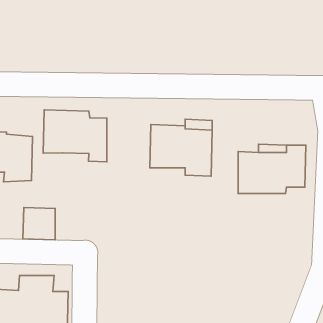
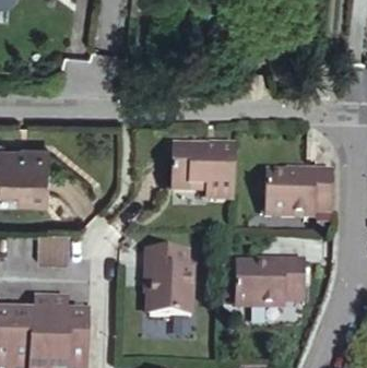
building: [43,110,107,162] -> none
building: none -> [143,246,190,318]
building: none -> [235,258,305,306]

